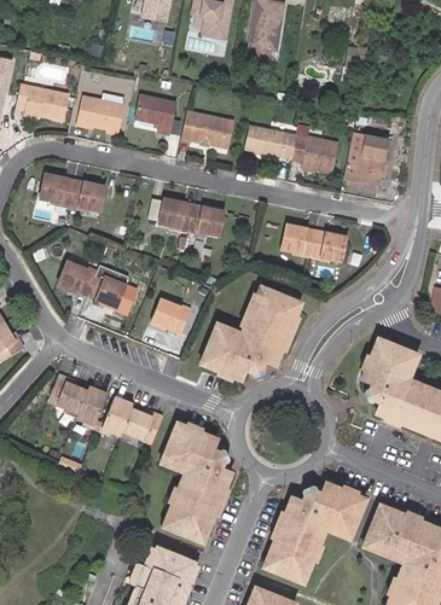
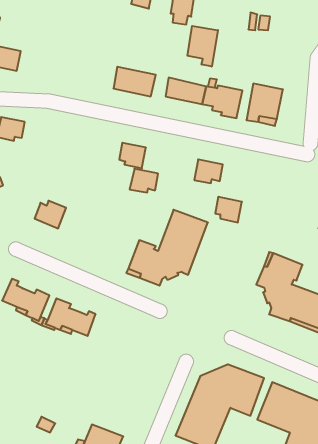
building: none -> [187,26,218,67]
building: [80,91,127,129] -> none
building: [138,94,178,133] -> none
building: [71,181,105,213] -> none
building: [159,200,195,229] -> [130,169,158,192]
building: [314,233,347,264] -> [215,197,242,222]
building: [58,263,94,299] -> none
building: [150,301,191,338] -> none
building: [158,418,234,543] -> none

